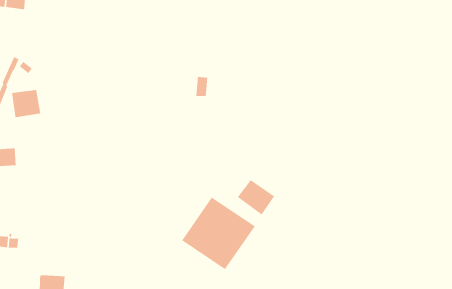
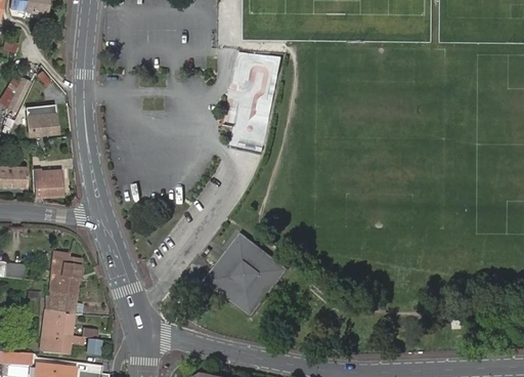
building: none -> [33,169,62,196]
building: [237,179,275,216] -> none
building: none -> [48,252,80,312]

